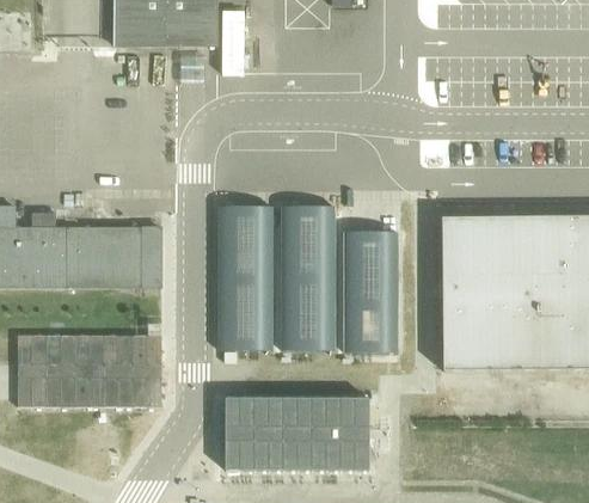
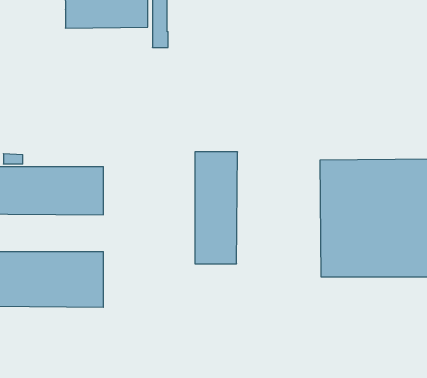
building: [219,206,272,350] -> none
building: [344,229,398,351] -> none
building: [223,400,369,474] -> none

